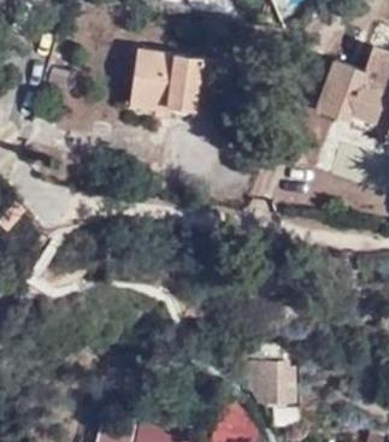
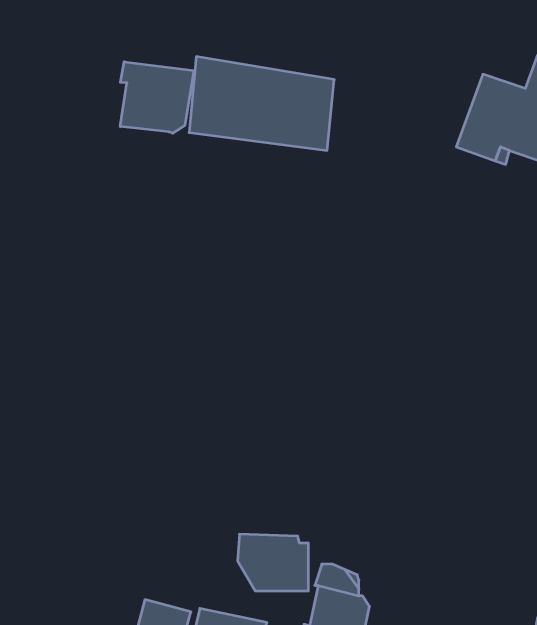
building: none -> [120,62,194,133]
building: [247,364,295,402] -> [238,534,308,591]

